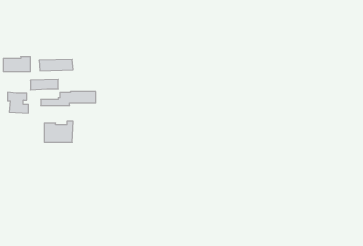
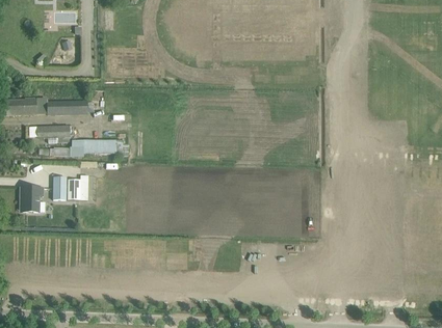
building: [8,92,28,113] -> [20,187,45,212]

